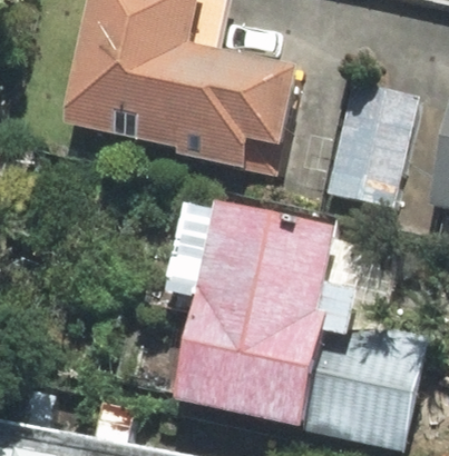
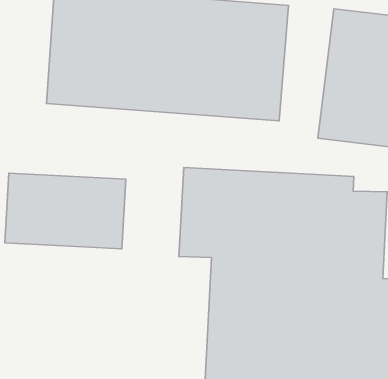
building: none -> [5,173,126,249]

